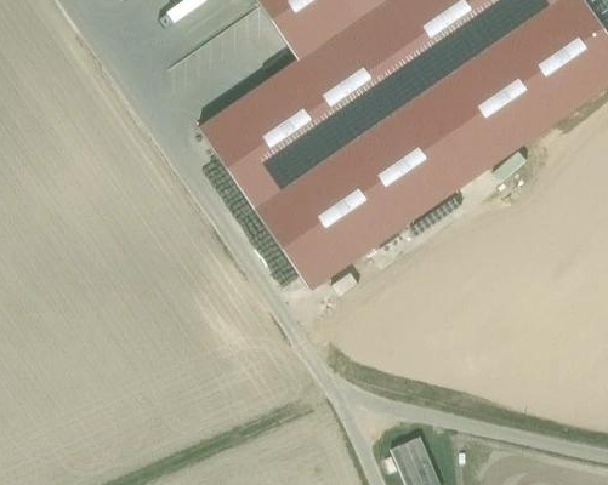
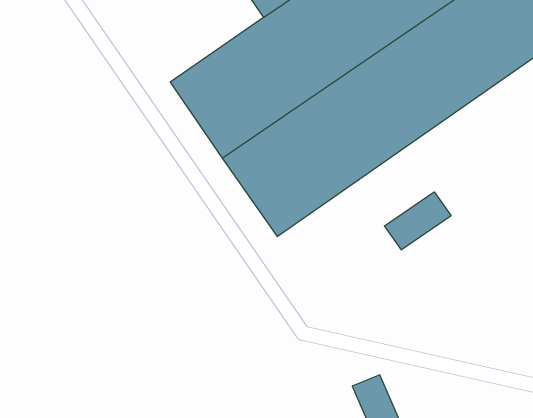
building: none -> [384,192,451,250]

